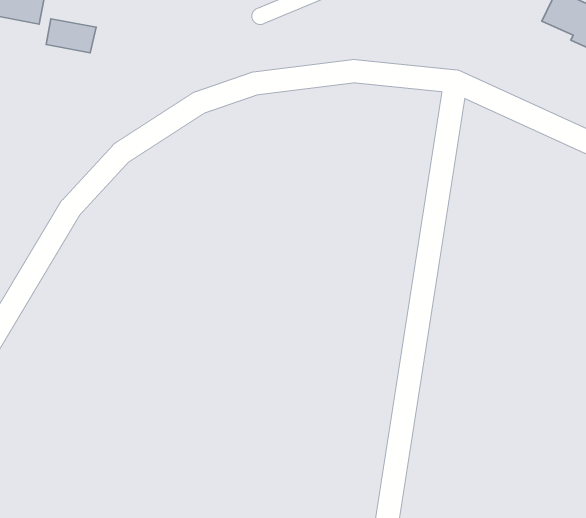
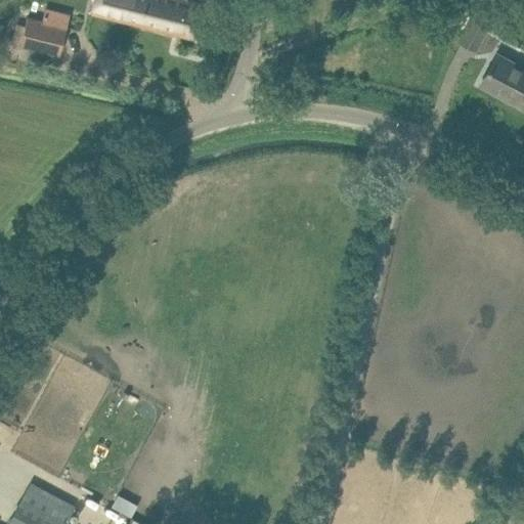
building: [46,19,96,53] -> none

